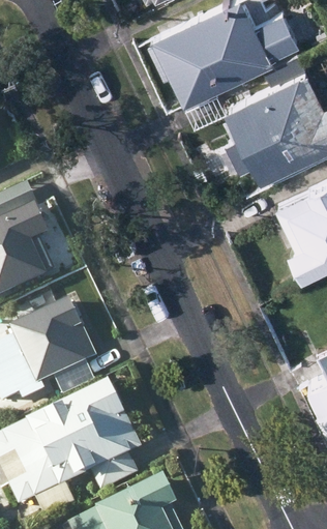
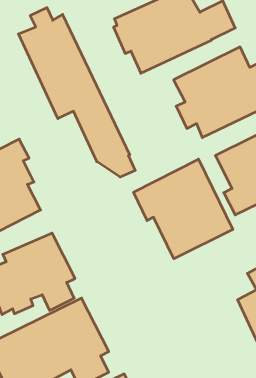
building: none -> [18,8,135,177]
building: none -> [134,159,233,259]

